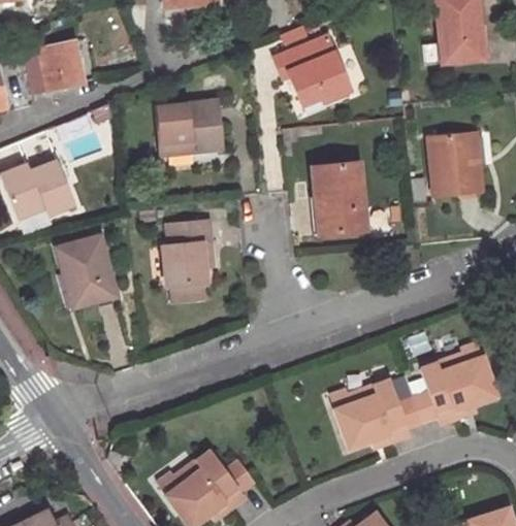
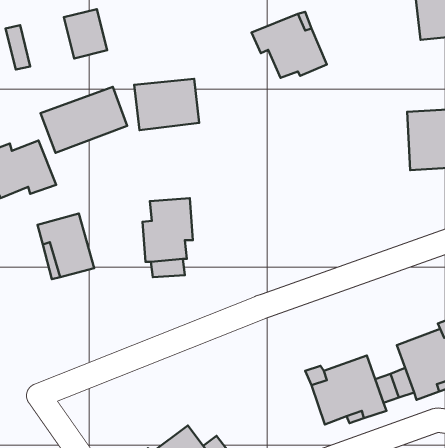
building: [41,40,85,90] -> [64,9,107,58]
building: none -> [41,87,127,153]
building: [314,164,368,237] -> none

